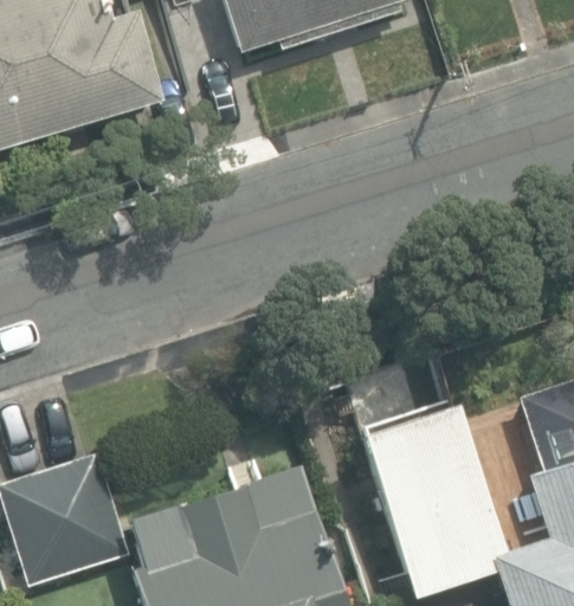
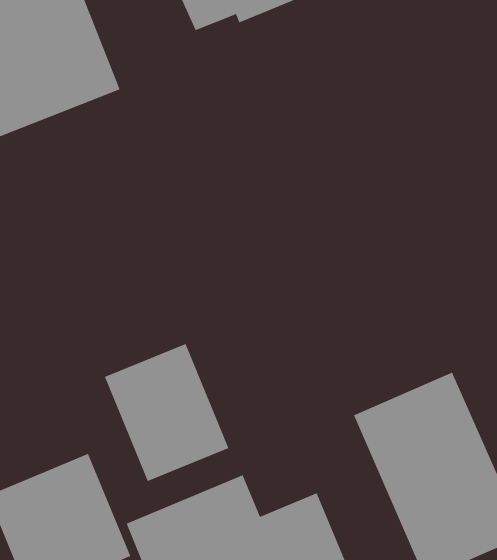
building: none -> [104,343,229,482]

